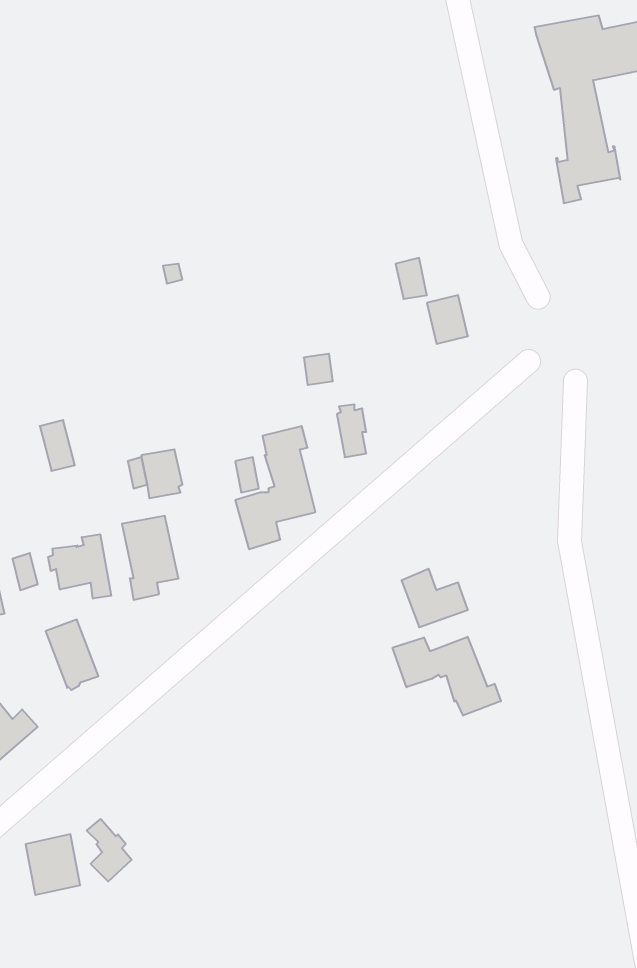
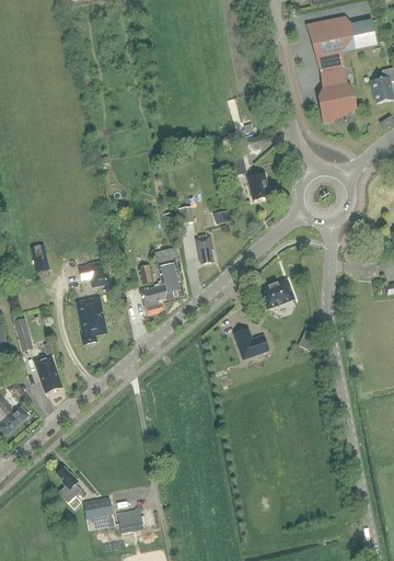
building: none -> [259,278,294,309]
building: [48,534,111,599] -> none
building: [393,637,501,716] -> none
building: [26,834,80,895] -> [83,496,114,530]
building: none -> [117,508,143,534]

